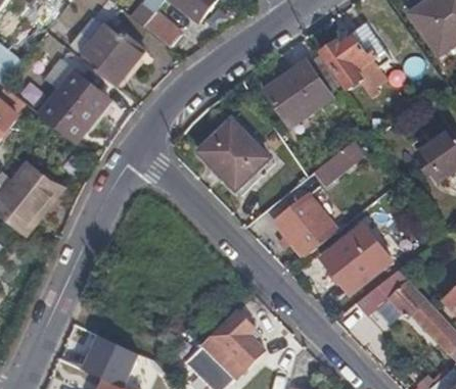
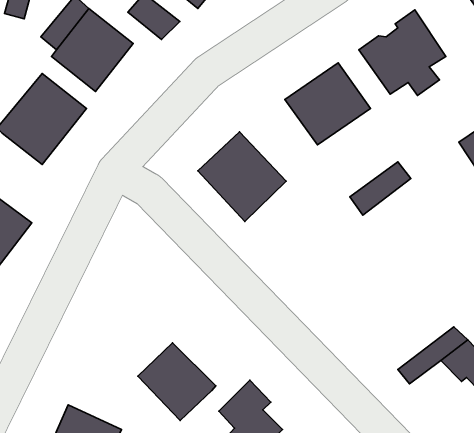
building: [273,192,337,257] -> none
building: [321,228,389,293] -> none
building: none -> [138,343,216,420]

